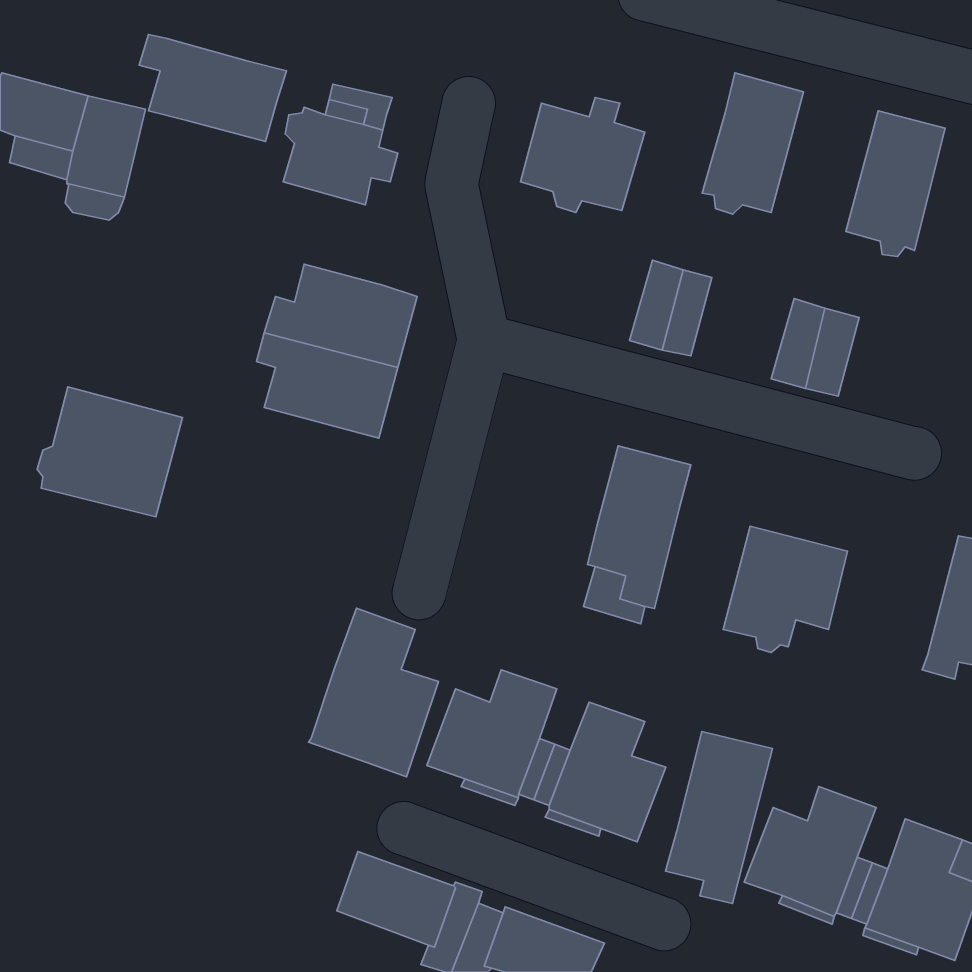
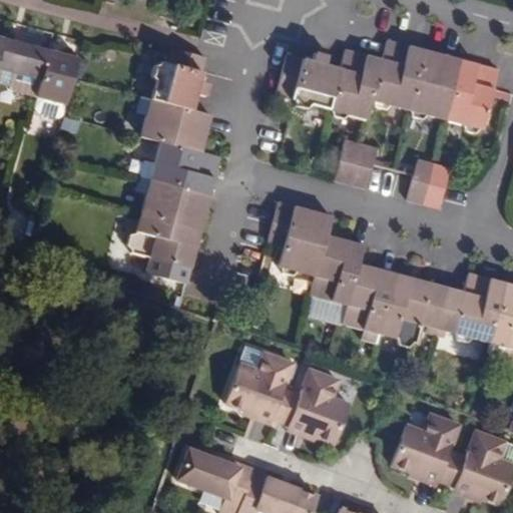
building: [139,34,286,142] -> [137,93,214,149]
building: none -> [407,48,463,121]
building: none -> [329,49,383,121]
building: none -> [268,201,331,278]
building: [37,387,183,517] -> [125,213,201,282]
building: none -> [437,272,505,343]
building: [308,608,439,777] -> none
building: [665,731,773,904] -> [340,267,396,357]

